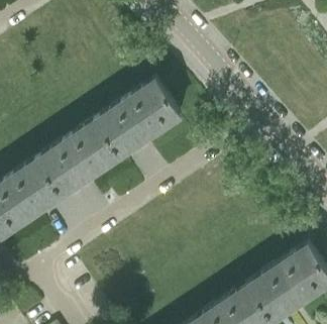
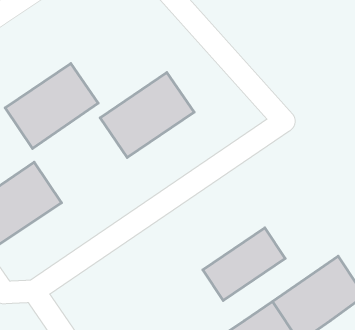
building: [35,122,118,198] -> [5,64,98,149]
building: none -> [203,228,285,301]

